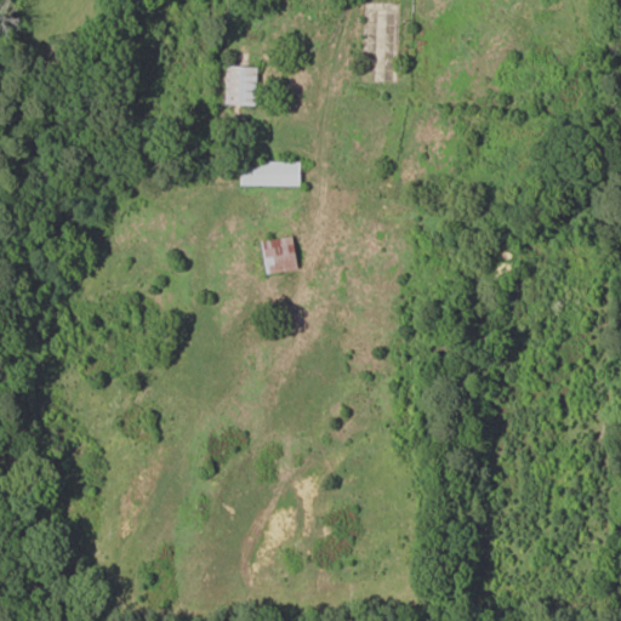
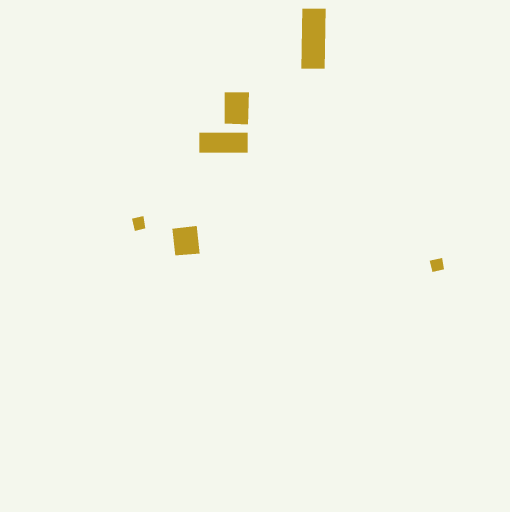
building: [226,65,257,106] -> [224,92,250,125]
building: [262,237,297,273] -> [172,226,201,256]

